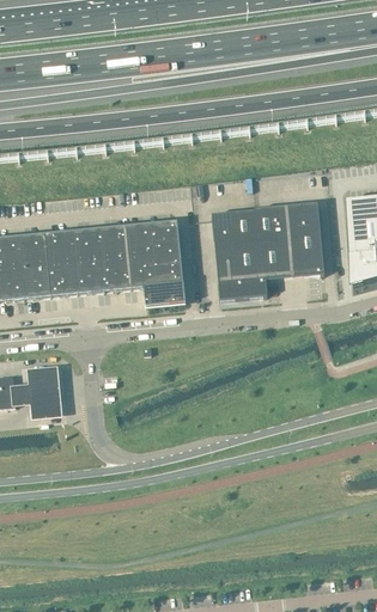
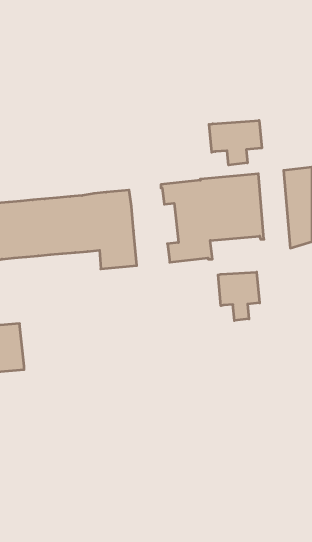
building: none -> [209,120,262,165]
building: none -> [218,272,260,321]

